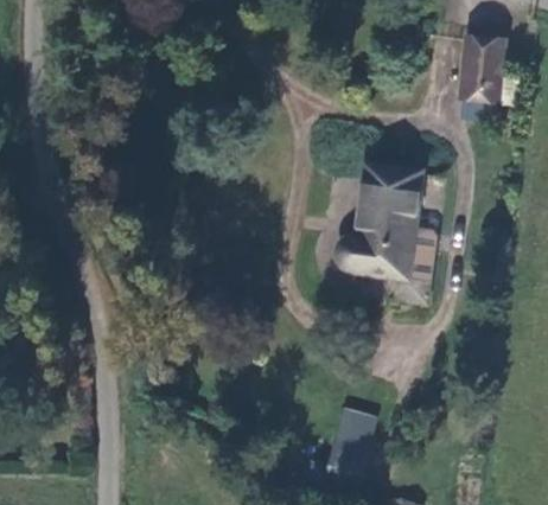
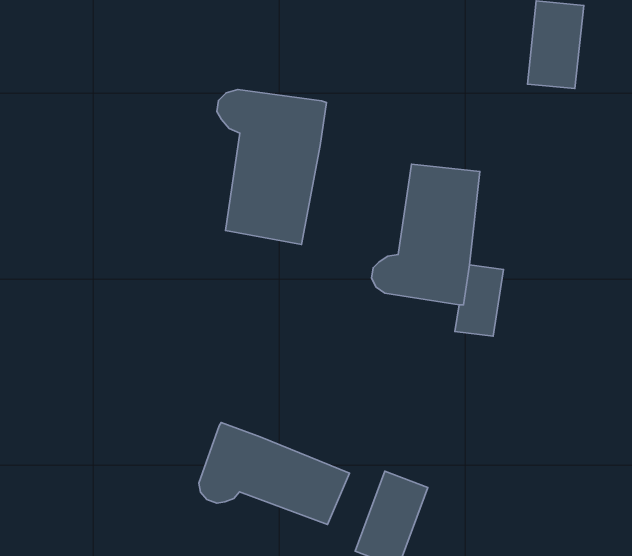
building: none -> [217,90,326,245]
building: none -> [199,423,350,524]

